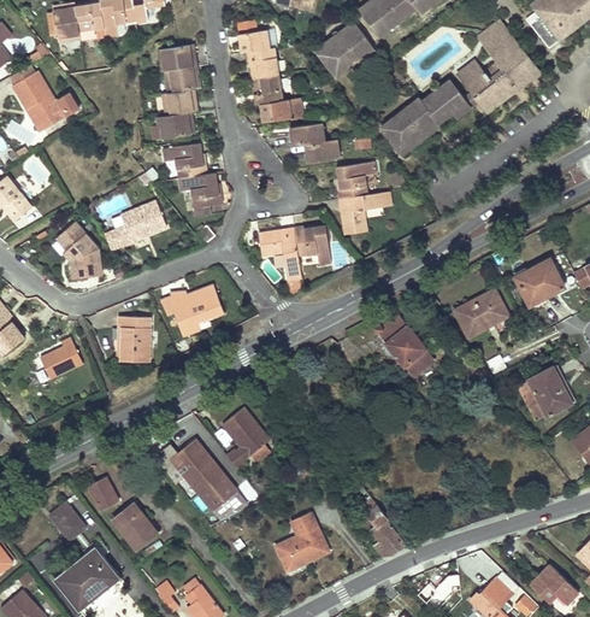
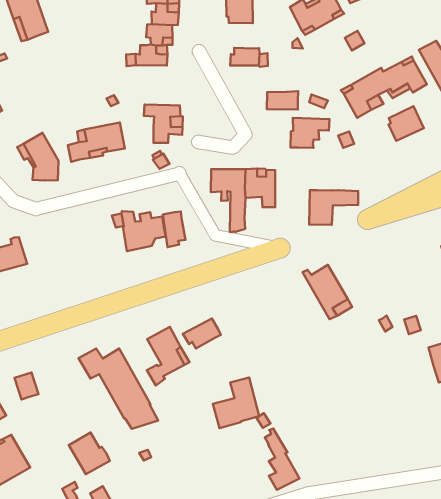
building: [252,74,283,104] -> none
building: [290,122,325,145] -> none
building: none -> [389,106,424,141]
building: [163,142,205,177] -> none
building: [338,190,391,234] -> [309,190,358,225]
building: none -> [163,212,185,247]
building: [453,289,506,335] -> none
building: [119,316,151,359] -> none
building: none -> [183,319,221,349]
building: [111,503,157,547] -> [69,433,110,474]
building: [275,511,325,569] -> [213,378,259,428]

